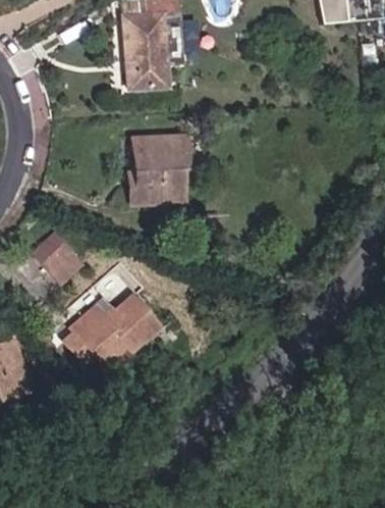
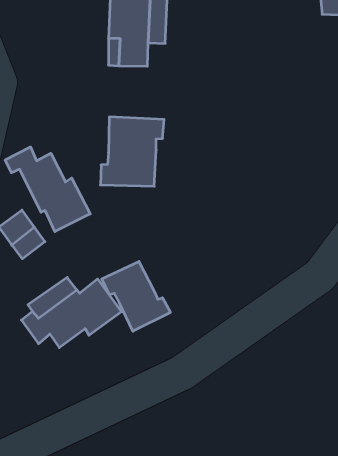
building: none -> [5,147,90,232]
building: none -> [102,261,170,331]

